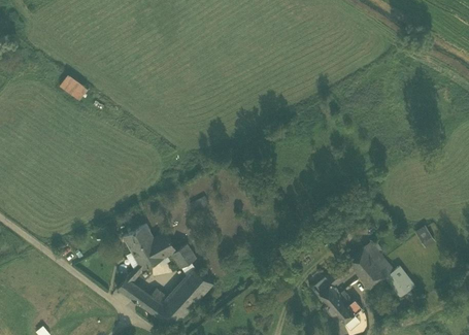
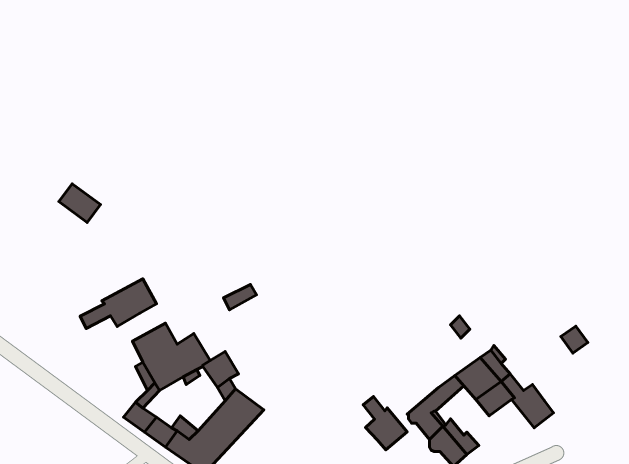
building: [59,74,88,101] -> [59,184,101,223]
building: none -> [80,279,156,328]
building: none -> [363,396,407,450]

